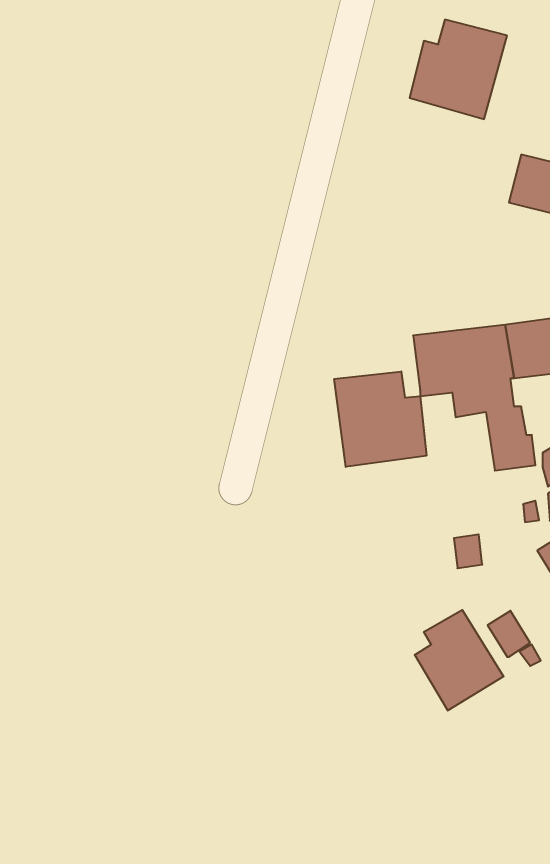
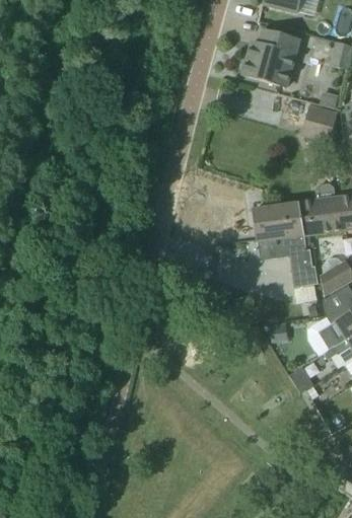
building: [334,371,426,467] -> none
building: [415,610,504,711] -> none

